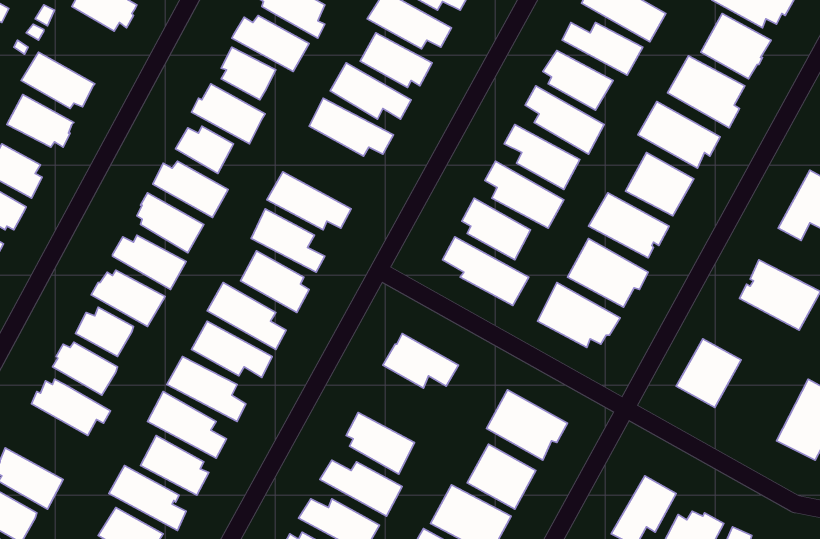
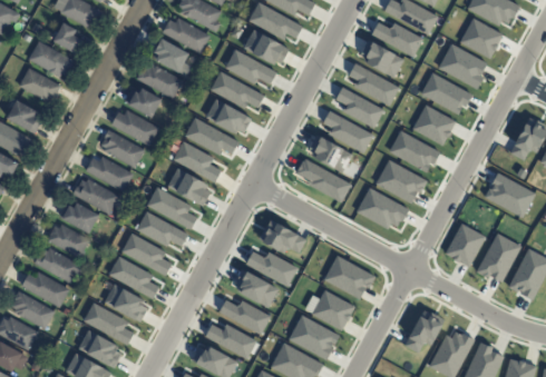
building: none -> [52,21,86,54]
building: none -> [205,98,251,133]
building: none -> [475,232,520,281]
building: none -> [244,250,296,286]
building: none -> [21,272,69,308]

